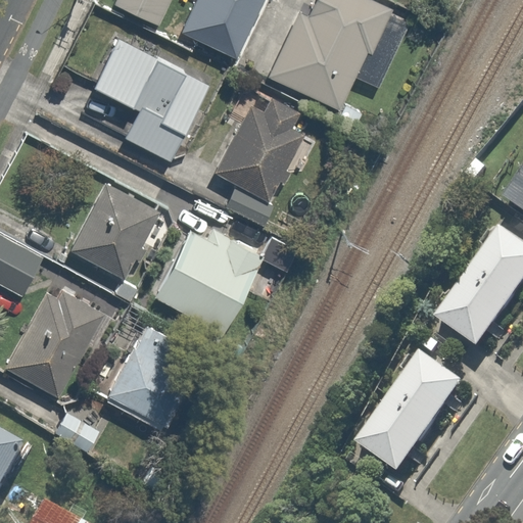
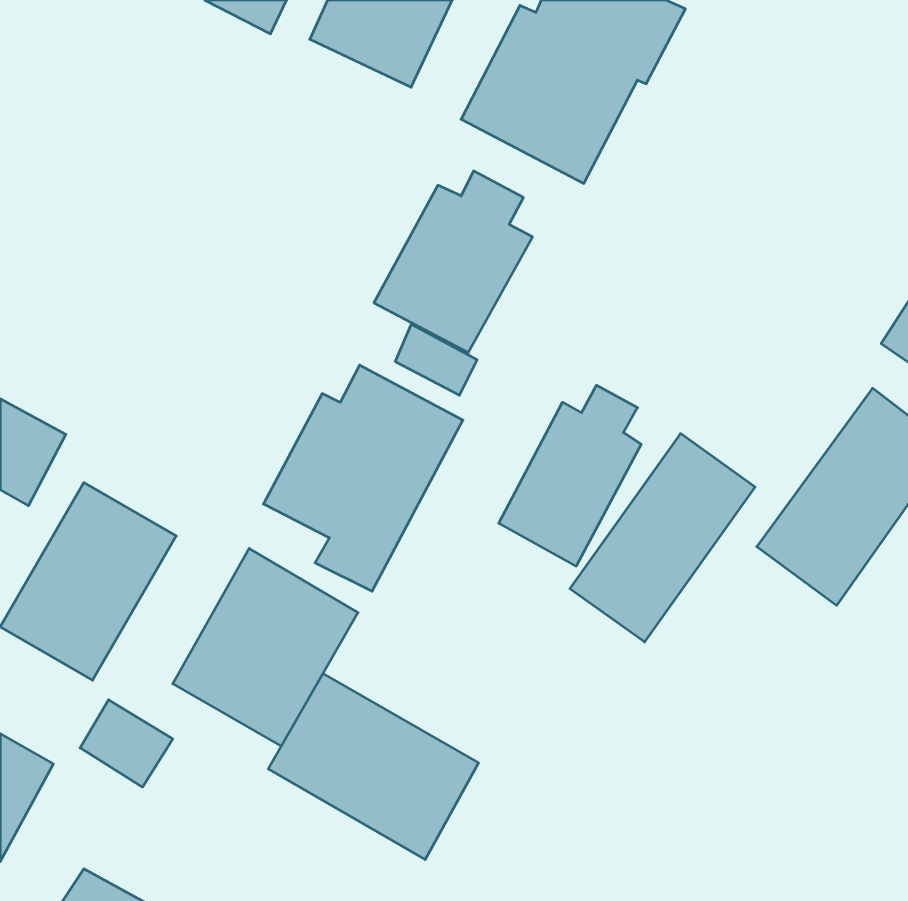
building: [90,35,210,161] -> none
building: [66,180,160,278] -> none
building: none -> [499,385,641,566]
building: [359,358,465,477] -> [570,434,755,642]
building: none -> [268,674,478,860]

